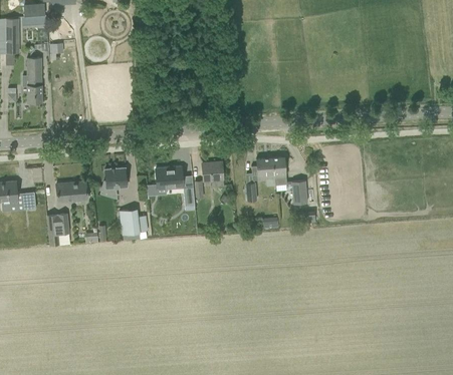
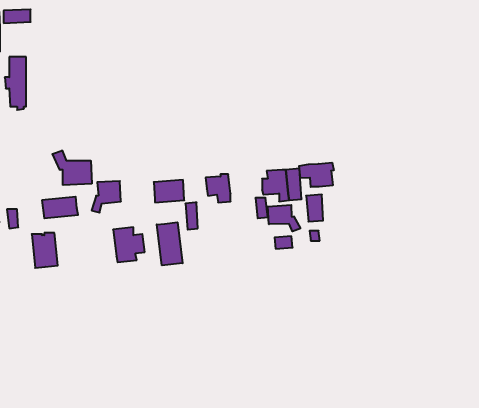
building: none -> [52,150,92,185]
building: none -> [299,163,334,187]
building: none -> [268,205,300,231]
building: none -> [157,222,183,265]

